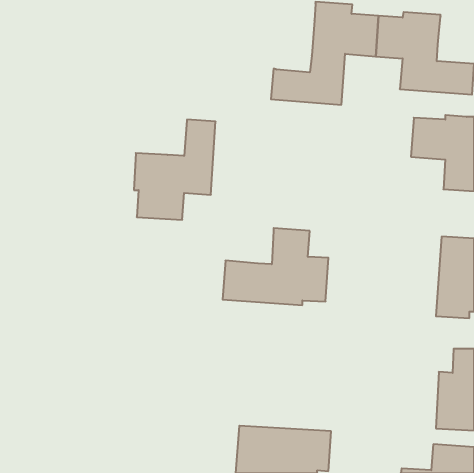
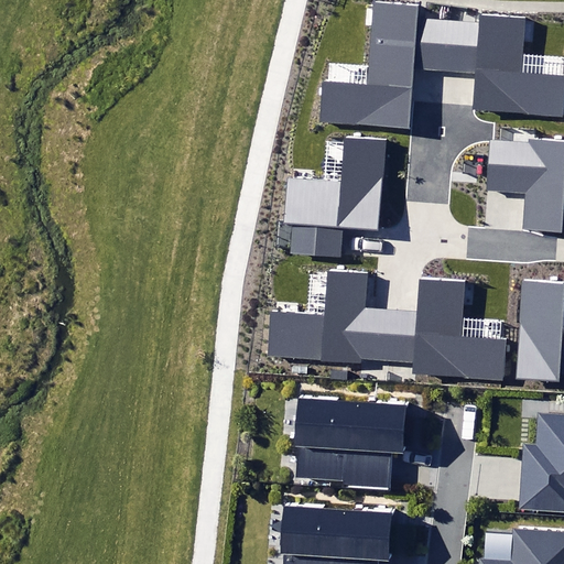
building: [134,120,216,220] -> [285,140,382,259]
building: none -> [387,278,505,376]
building: none -> [294,399,408,490]

